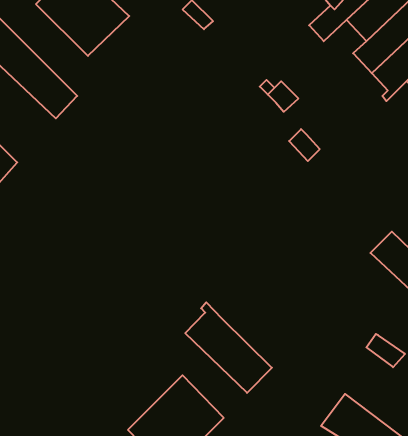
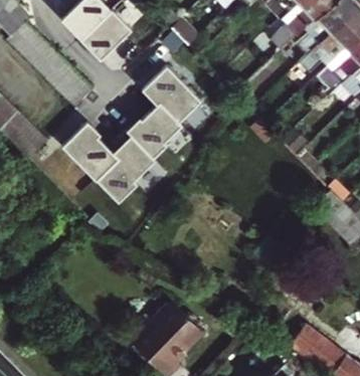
building: none -> [64,66,202,203]
building: [185,302,272,393] -> none

